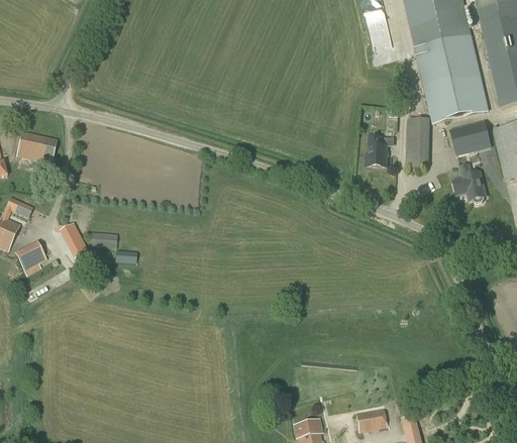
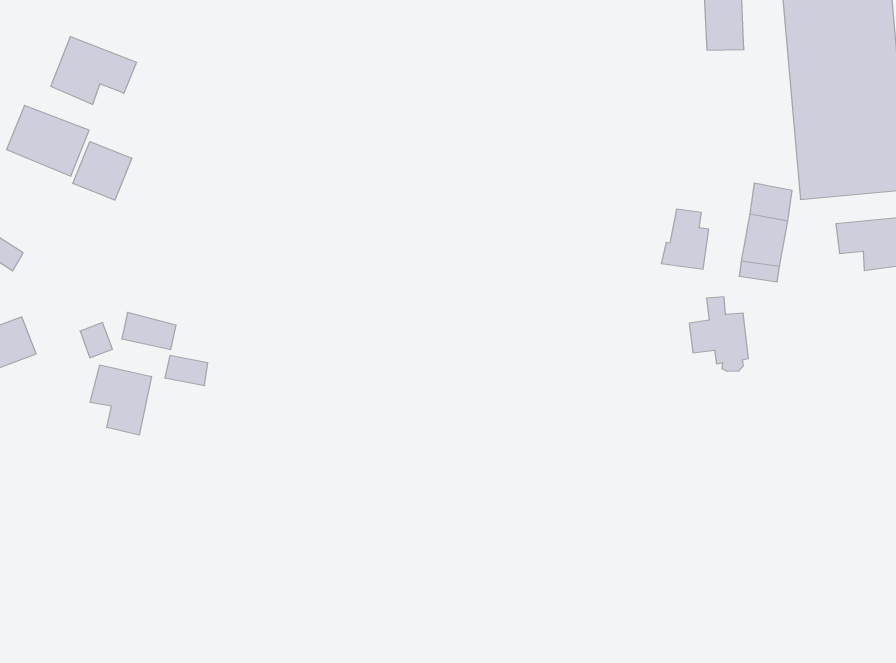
building: none -> [51,37,137,105]
building: none -> [73,142,132,200]
building: [453,163,487,202] -> [689,297,748,371]
building: none -> [90,365,151,435]

